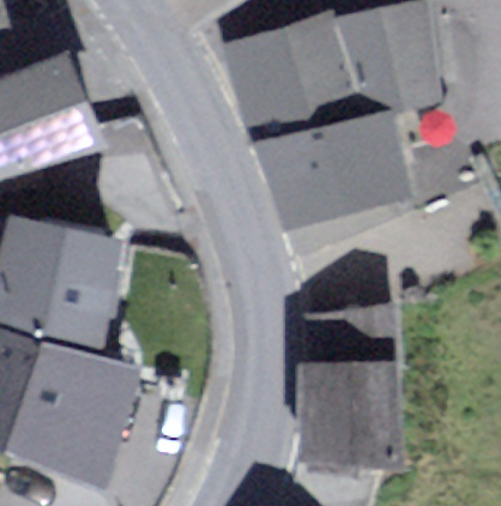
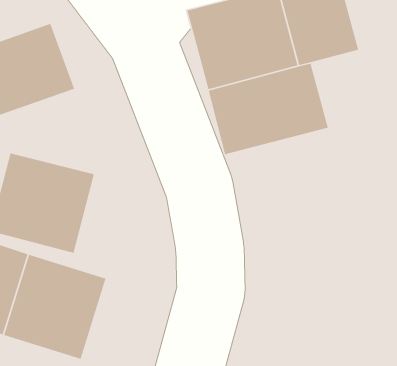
building: [309,321,400,454] -> none

